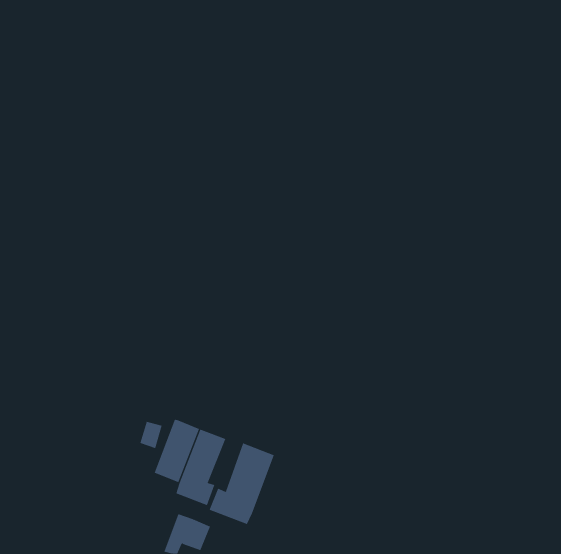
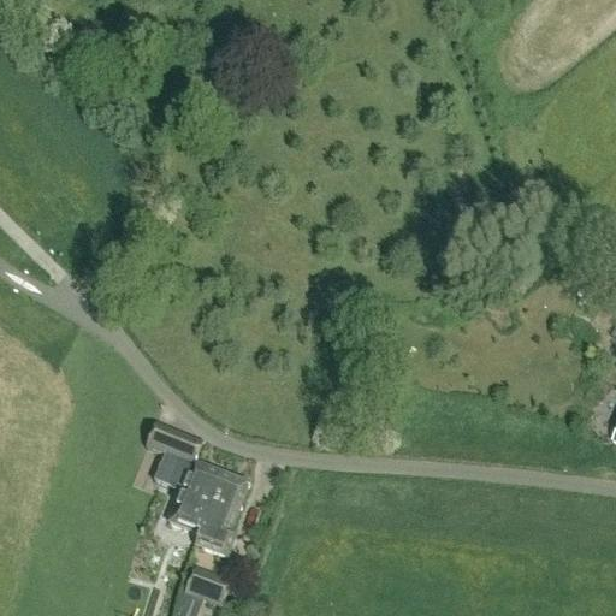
building: none -> [147,420,205,462]
building: [209,443,275,525] -> none

